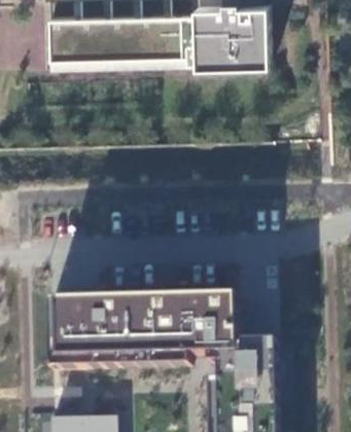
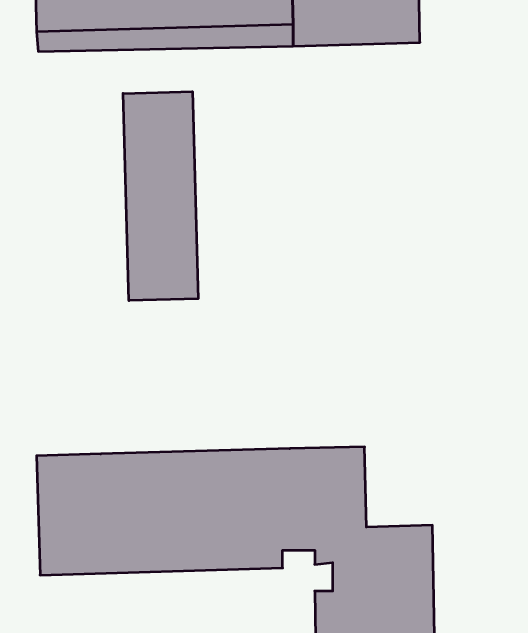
building: none -> [123,92,198,301]

